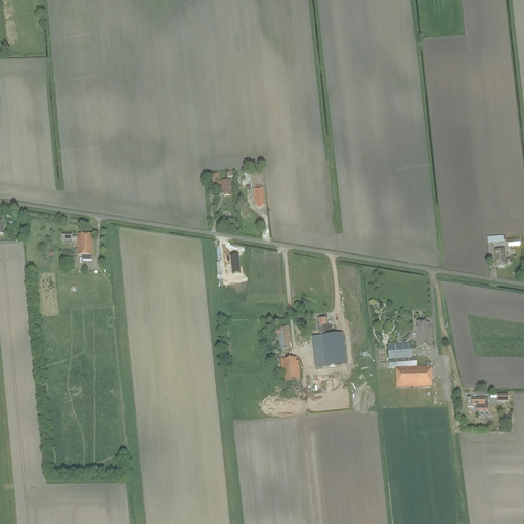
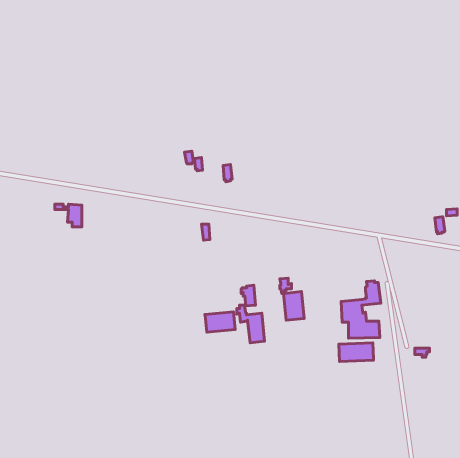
building: none -> [205,312,235,332]
building: none -> [339,343,374,362]

